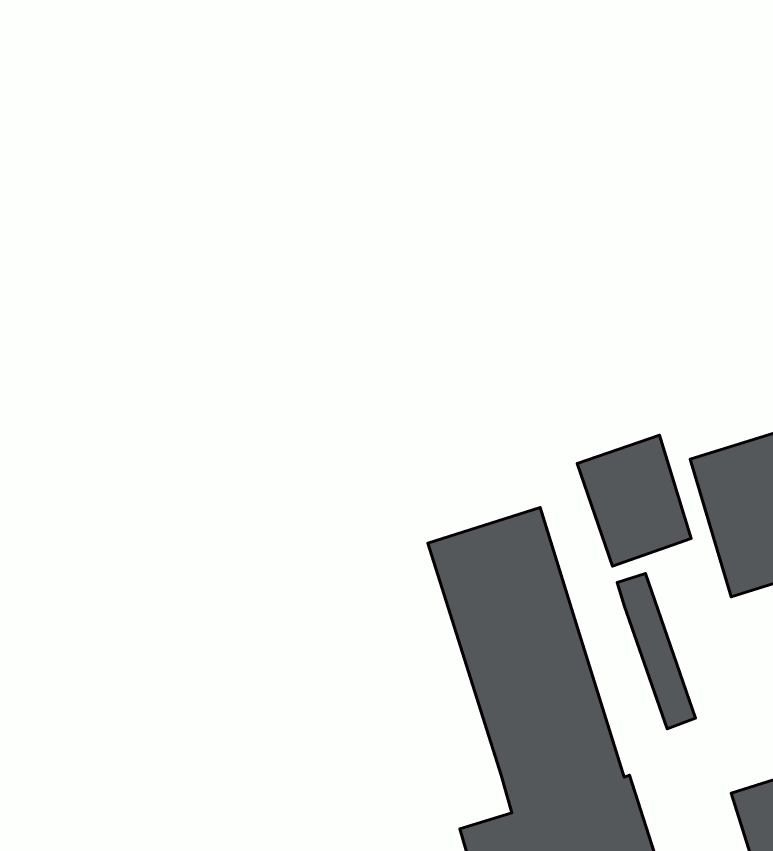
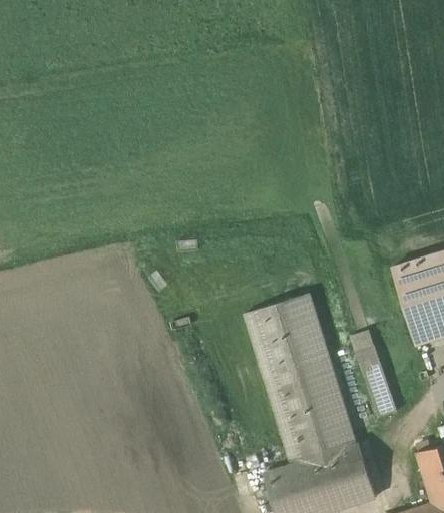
building: [577,435,691,566] -> none

